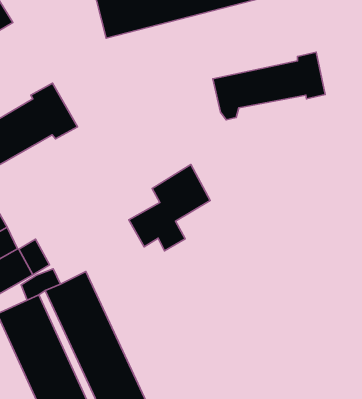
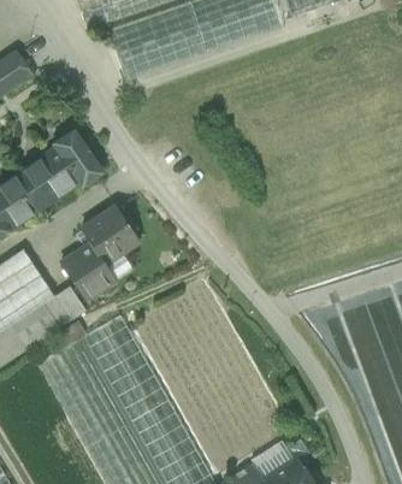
building: [213,52,325,120] -> none
building: [129,164,210,251] -> [60,206,138,293]

